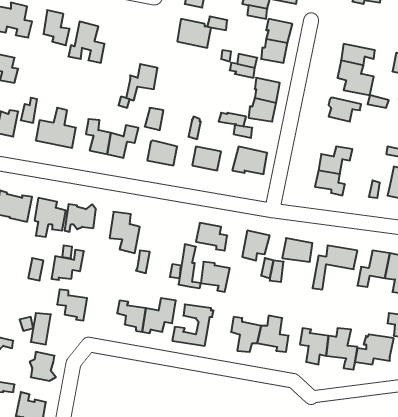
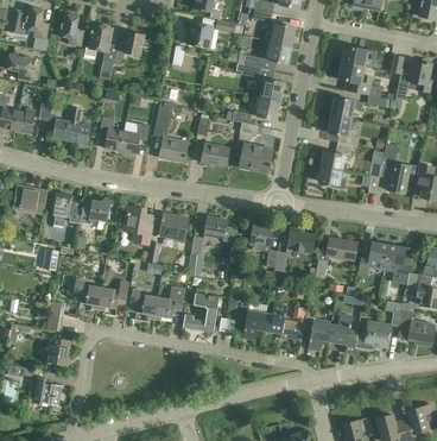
building: [126,64,158,100] -> [114,31,144,65]
building: none -> [327,114,359,146]
building: [51,250,84,280] -> [97,281,128,309]
building: [201,262,230,292] -> [160,213,188,241]

